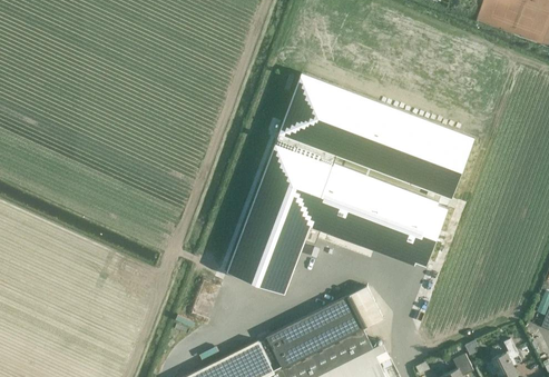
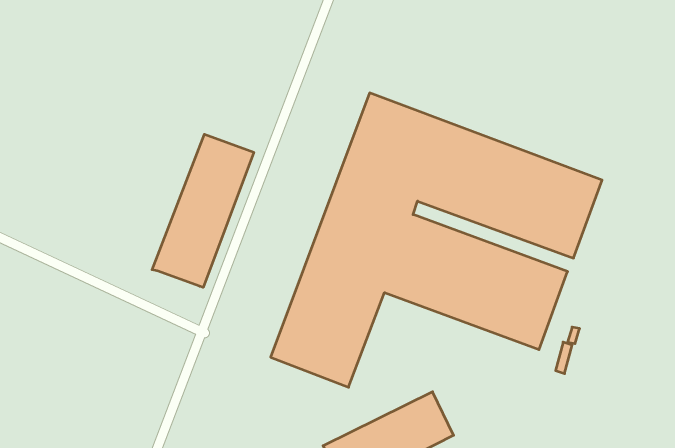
building: none -> [152,134,254,287]

